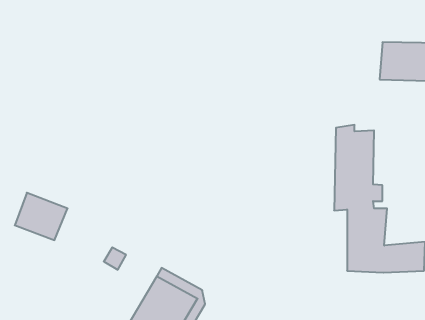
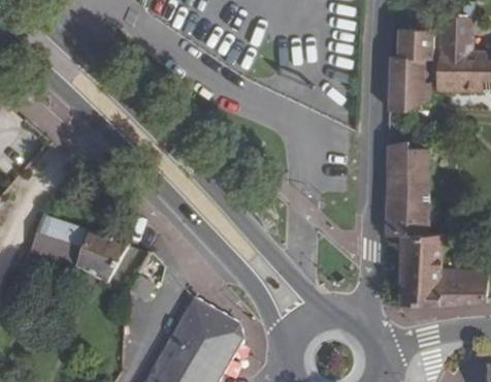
building: none -> [439,14,473,44]
building: none -> [389,28,434,104]
building: none -> [75,232,128,280]

